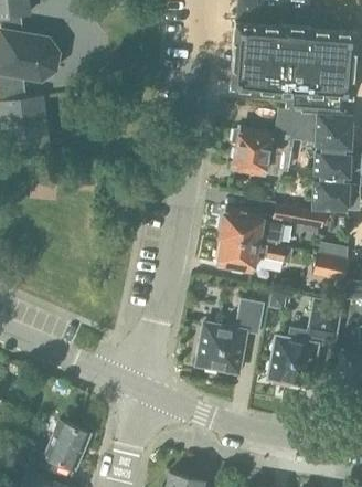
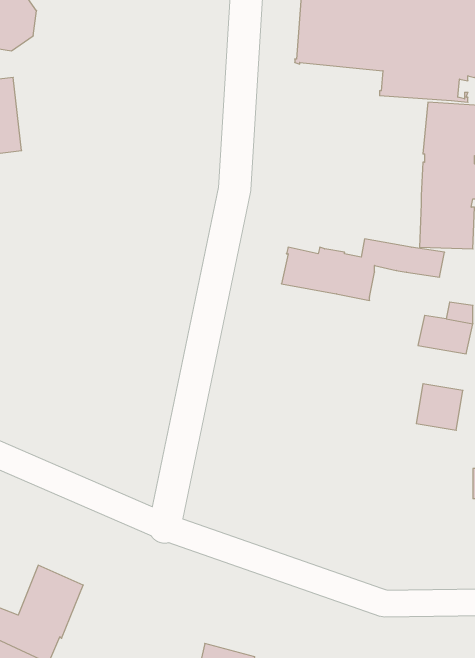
building: [231,108,296,174] -> none
building: [219,233,290,273] -> none
building: [196,298,265,372] -> none
building: [269,328,319,385] -> none

